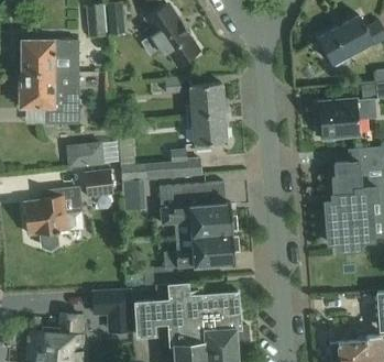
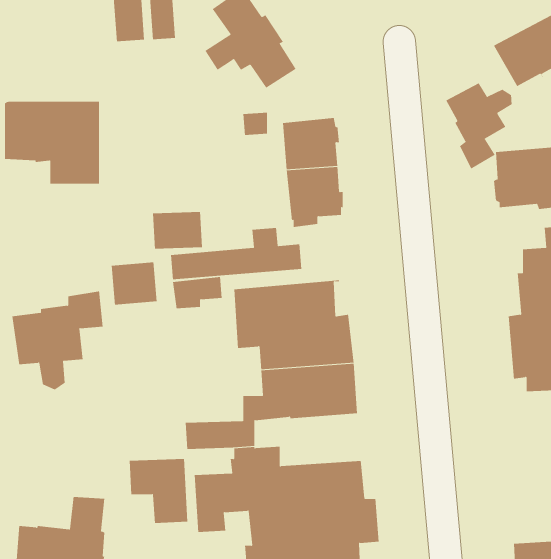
building: [22,40,78,73] -> none
building: none -> [445,83,512,169]
building: [68,144,102,167] -> none

